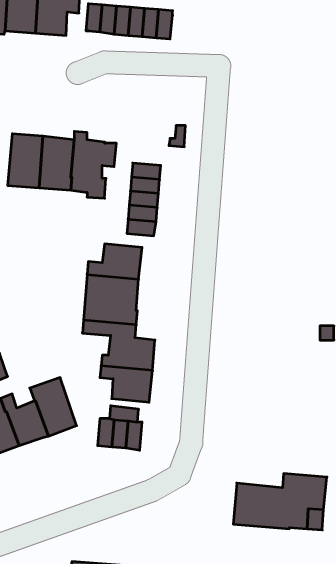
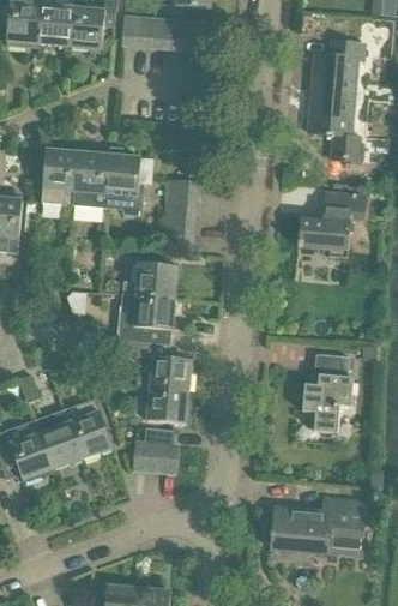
building: none -> [308,42,364,160]
building: none -> [300,191,367,258]
building: none -> [302,354,354,433]

